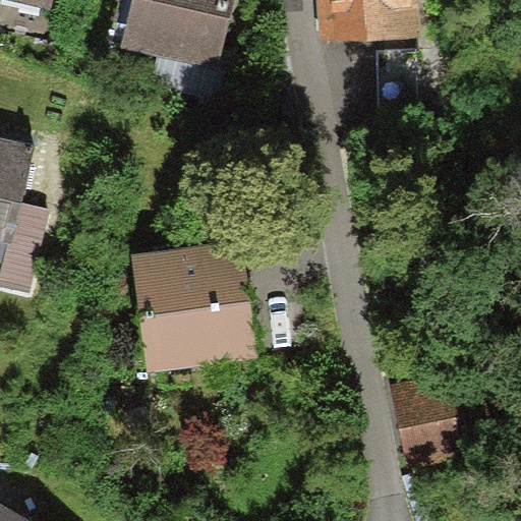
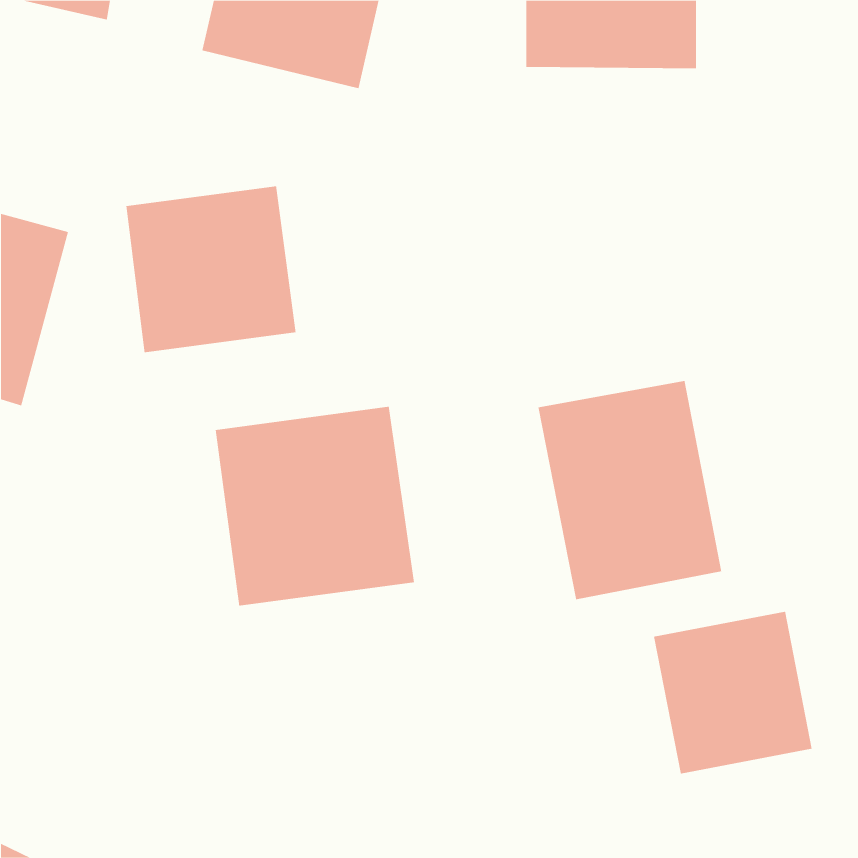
building: none -> [126,186,296,353]
building: none -> [538,380,722,600]

